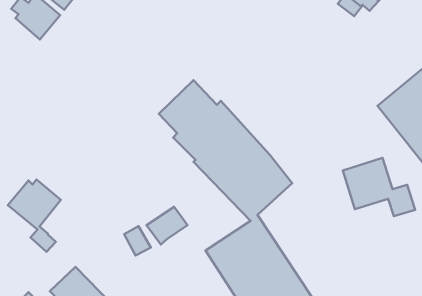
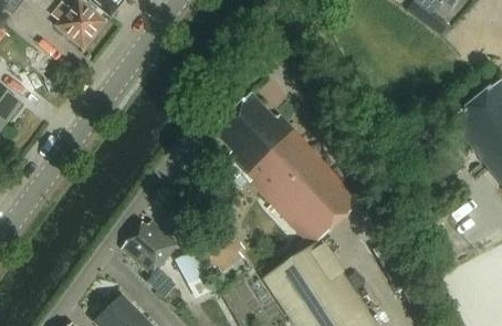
building: [343,158,415,216] -> none
building: [8,180,61,252] -> [121,220,178,298]

